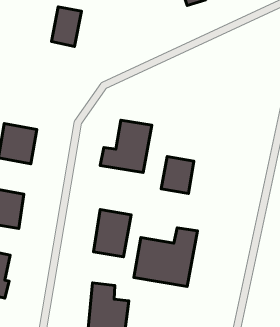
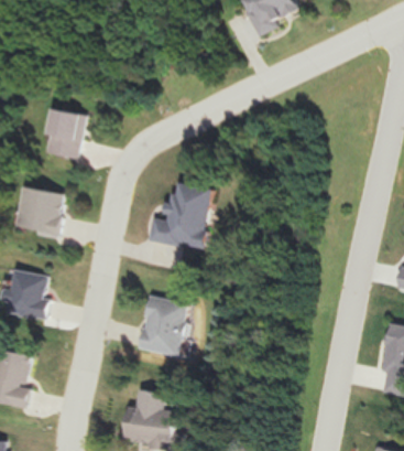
building: [51,7,81,47] -> [45,108,84,159]
building: [161,156,194,194] -> none
building: [134,228,198,287] -> none

